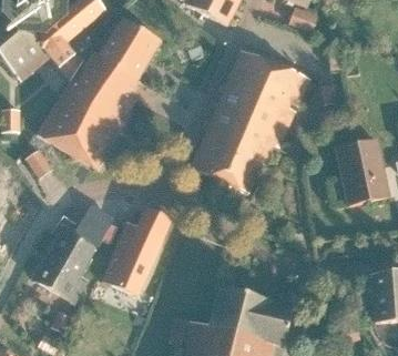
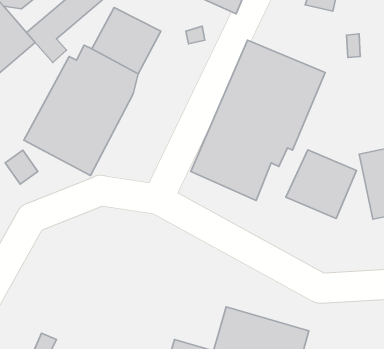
building: none -> [286,150,357,218]
building: [102,197,181,295] -> none
building: [32,207,111,303] -> none

